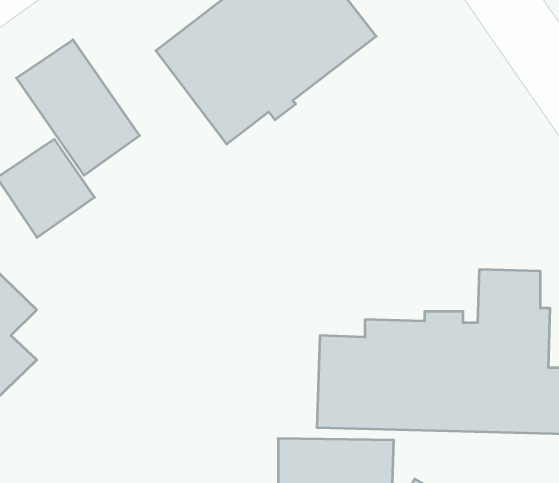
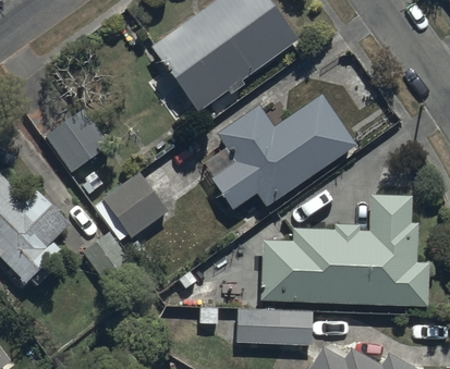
building: [16,40,140,175] -> none
building: none -> [209,88,354,206]
building: none -> [96,172,169,239]

